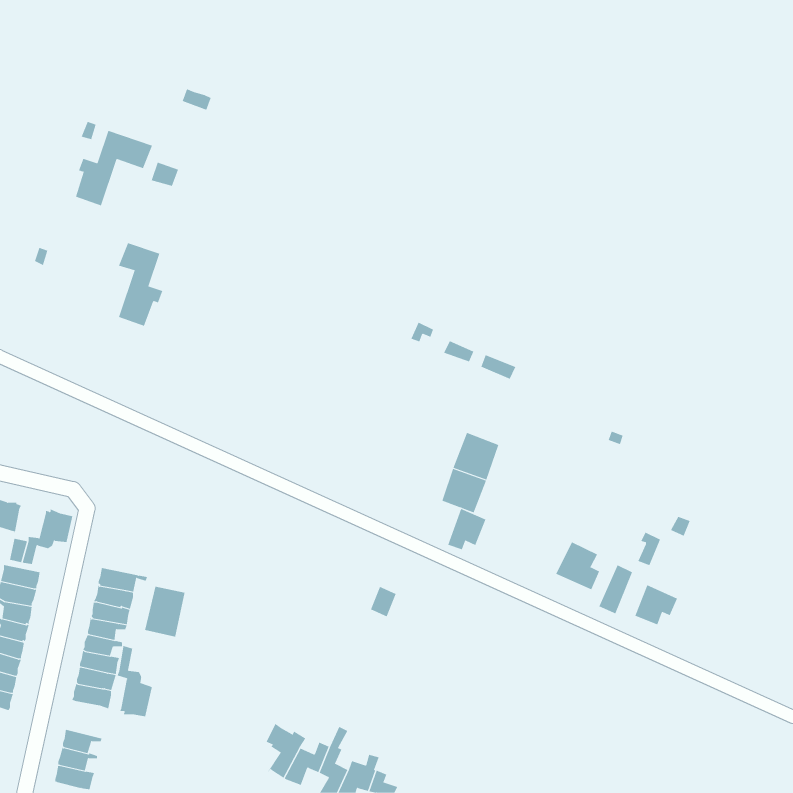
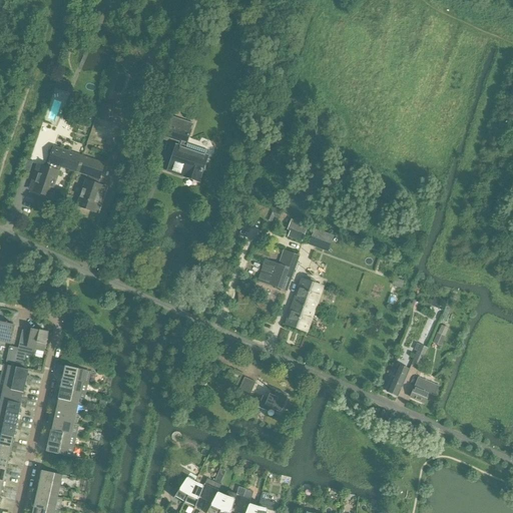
building: [75,130,153,206] -> [32,146,82,195]
building: none -> [162,116,206,180]
building: none -> [256,250,297,290]
building: [447,508,486,550] -> none
building: [556,541,600,590] -> none
building: [144,586,185,637] -> none
building: none -> [259,392,288,414]
building: [117,645,153,717] -> none

